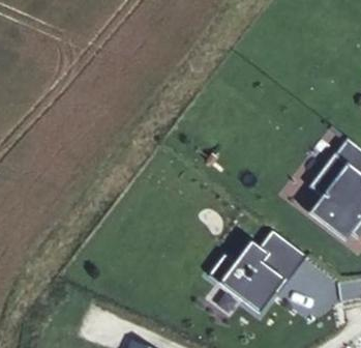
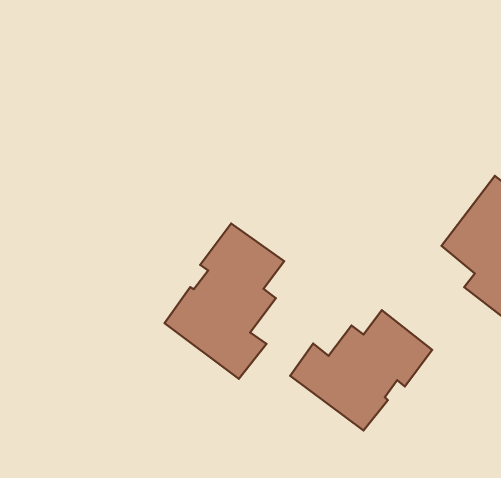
building: none -> [165,224,284,379]

